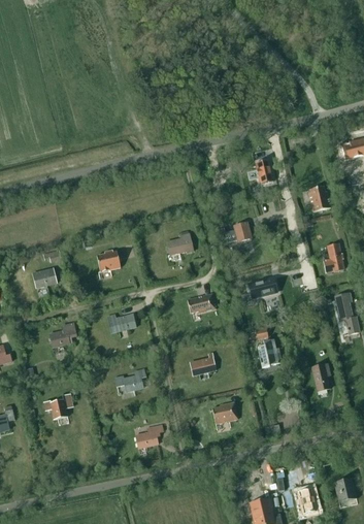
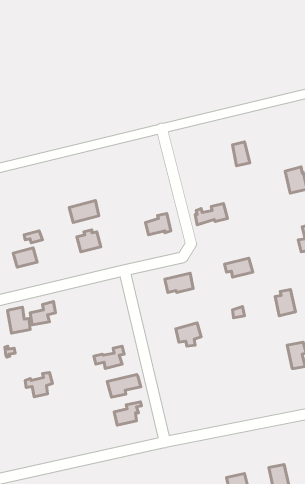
building: none -> [69,200,99,223]
building: [107,314,136,333] -> none
building: none -> [7,307,30,333]
building: [258,340,278,367] -> [275,290,295,316]
building: none -> [107,375,141,397]
building: [211,402,237,424] -> none

